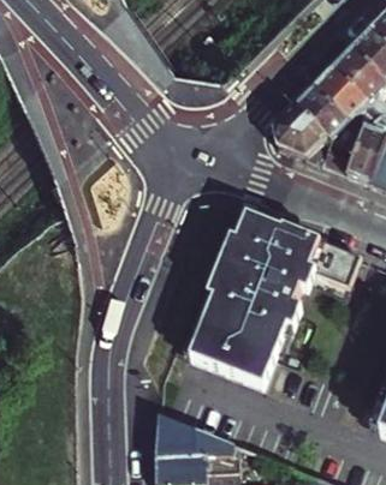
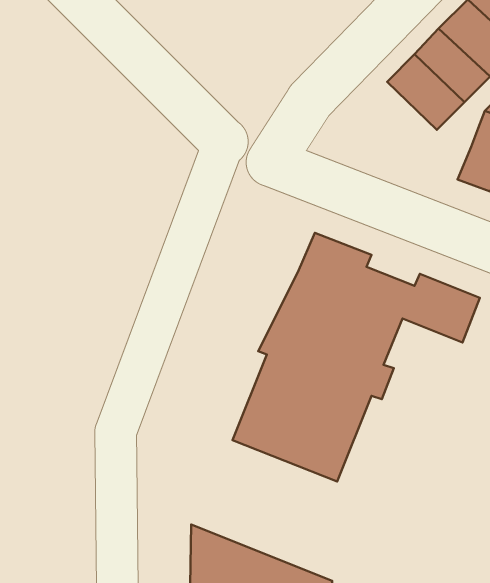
building: [273,106,354,174] -> none

